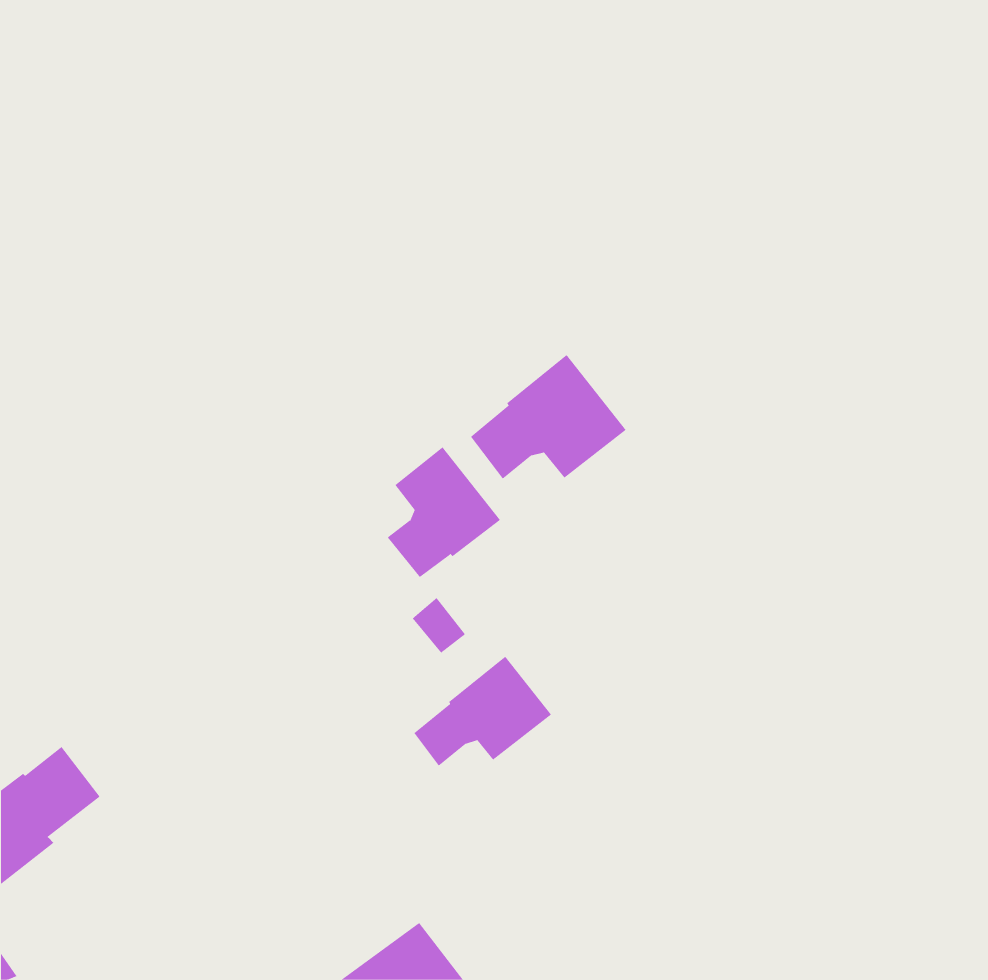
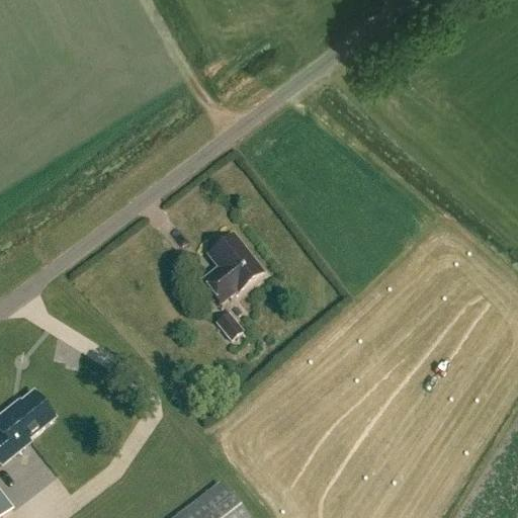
building: [470,354,626,479] -> none
building: [414,656,552,766] -> none

